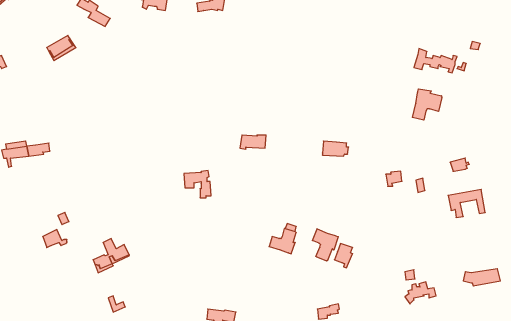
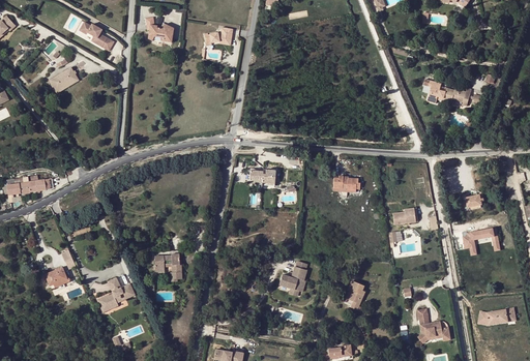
building: [412,89,442,120] -> none
building: [184,171,211,198] -> [154,252,182,280]
building: [312,229,338,261] -> none

